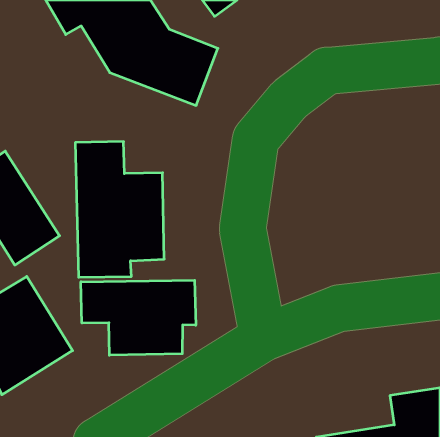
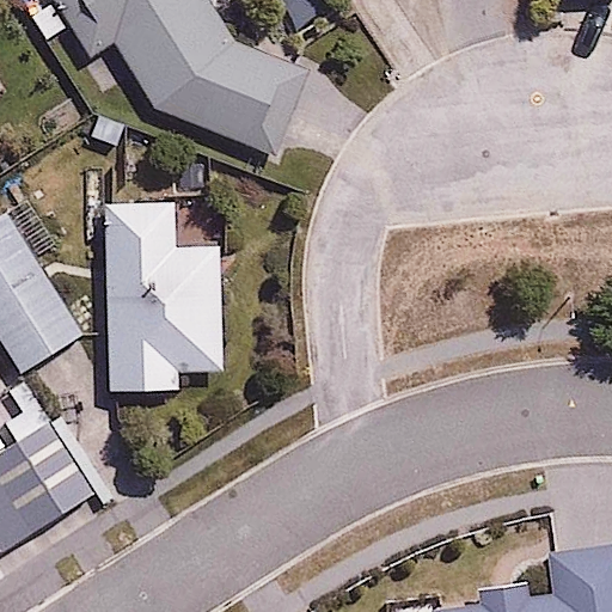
building: [81,280,196,355] -> none

